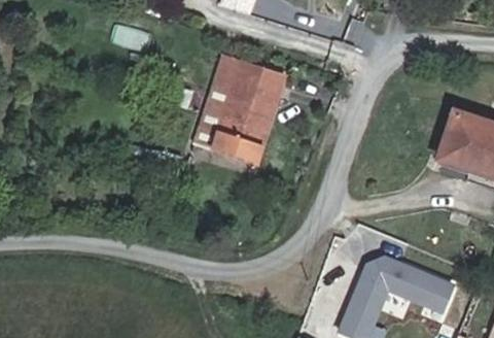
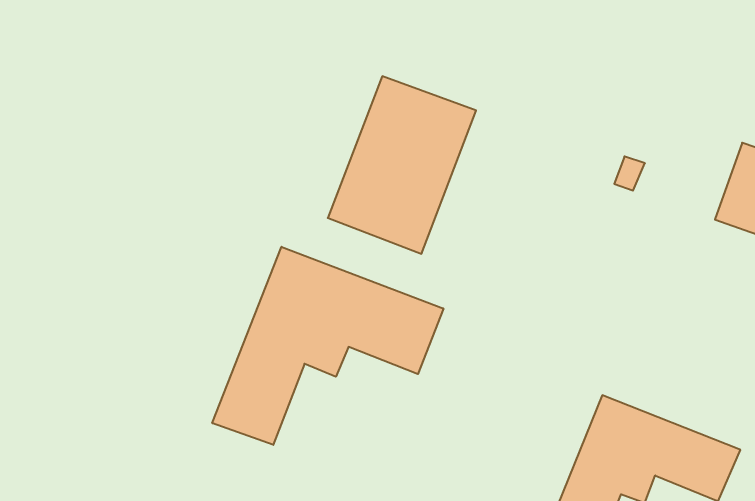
building: none -> [212,247,443,445]

